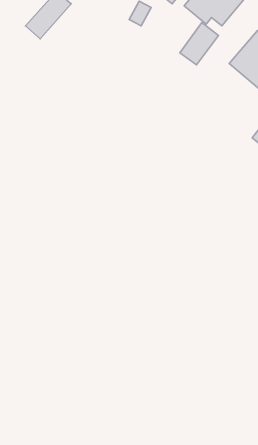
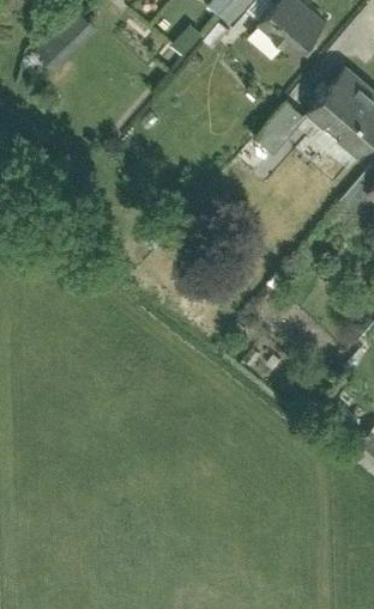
building: [180,23,218,65] -> [258,101,308,156]

